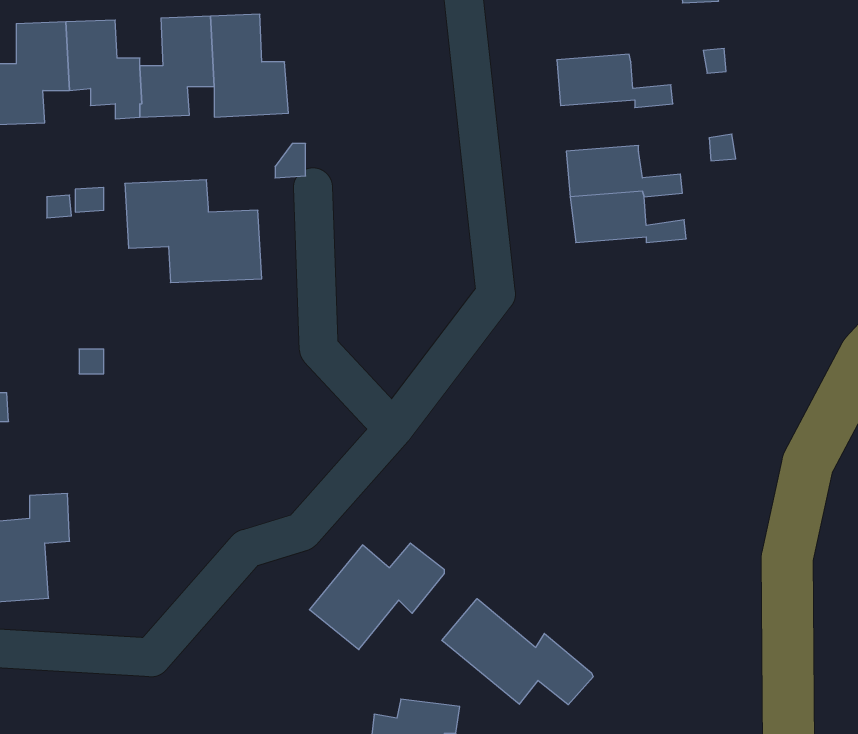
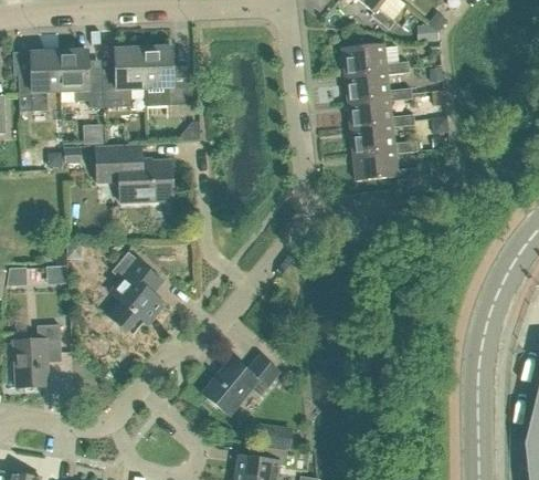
building: none -> [342,43,410,74]
building: none -> [347,96,415,126]
building: none -> [107,253,167,335]
building: [442,599,593,705] -> none

